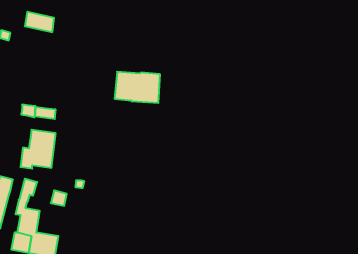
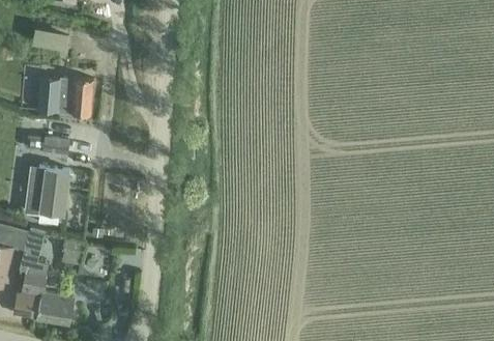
building: [115,72,160,103] -> [37,78,93,116]

